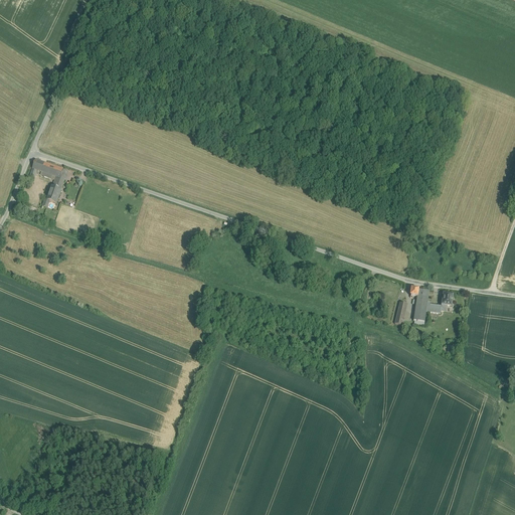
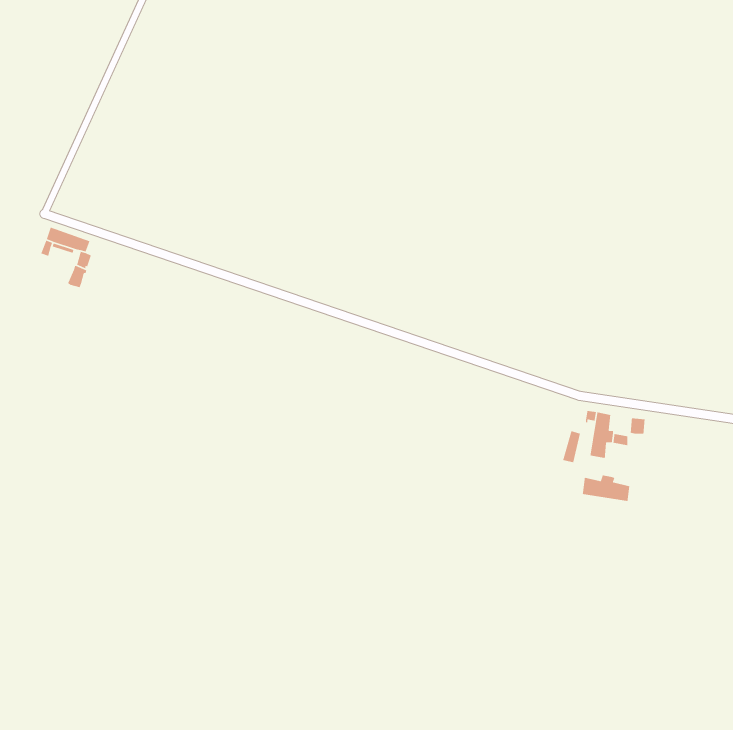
building: none -> [582,475,630,502]

